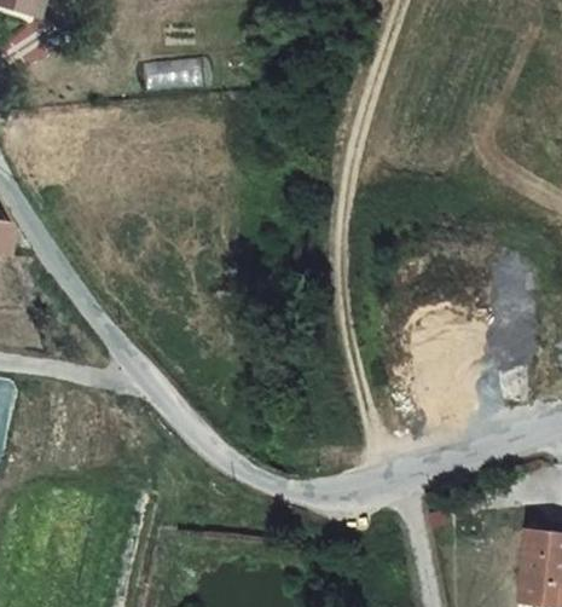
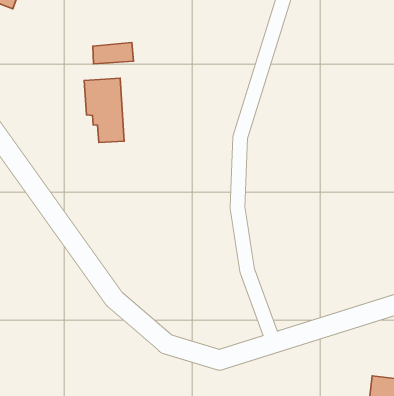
building: none -> [84,78,124,142]

